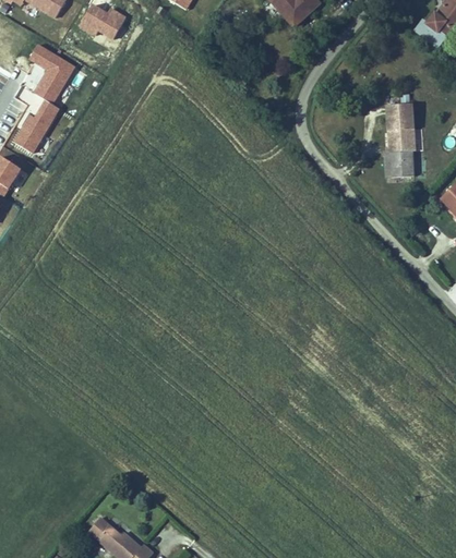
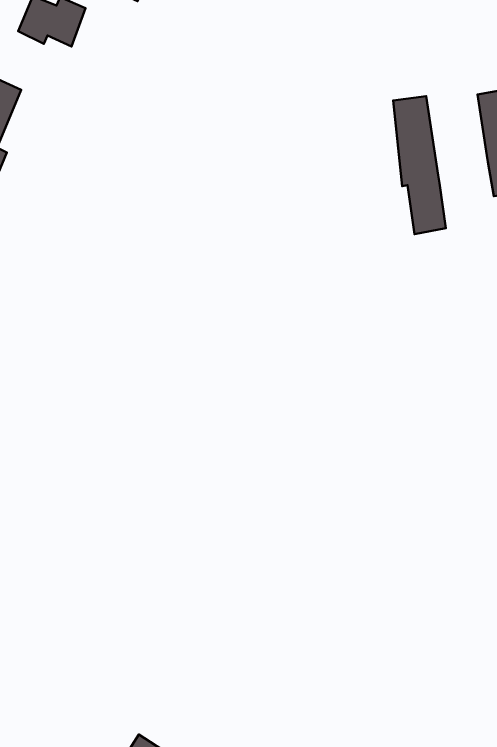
building: none -> [393,96,446,234]

